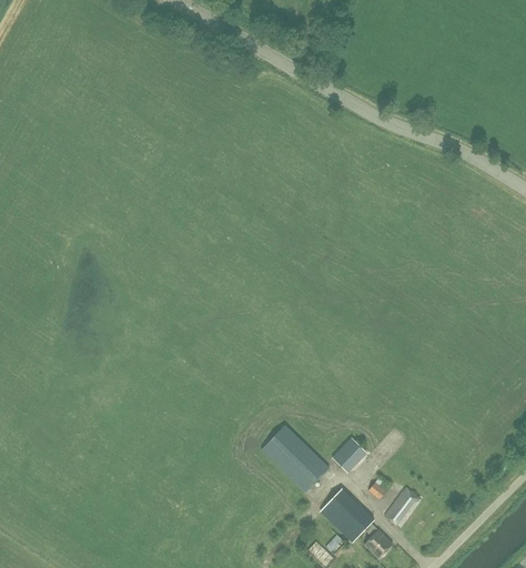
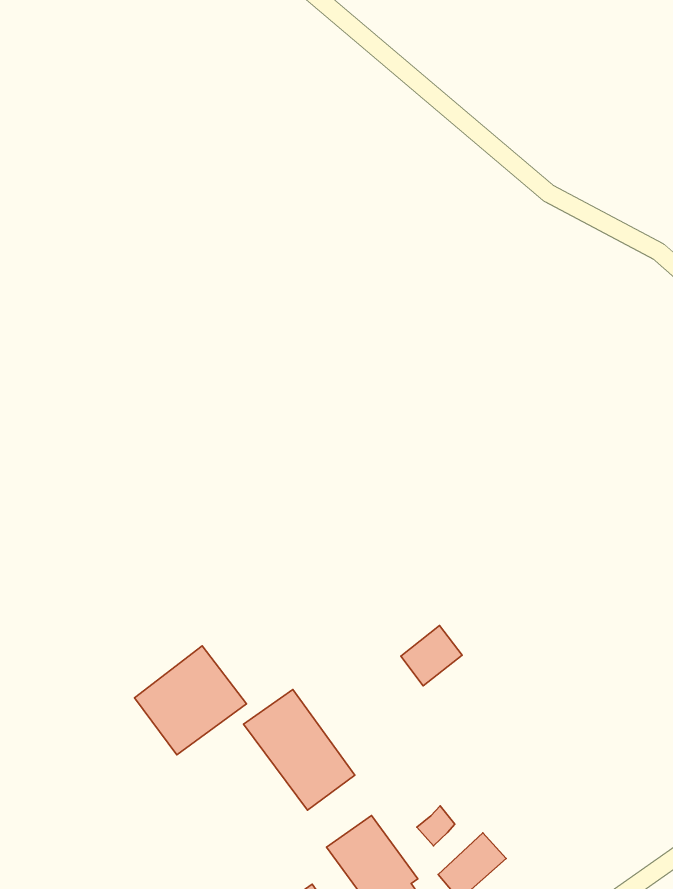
building: none -> [134,646,246,755]
building: [334,434,368,469] -> [401,625,462,686]

